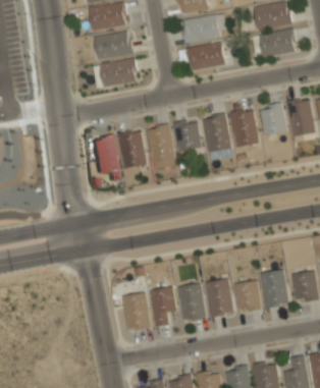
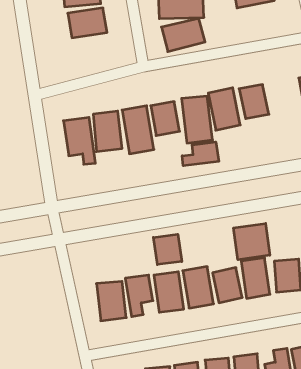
building: [257,30,294,55] -> none
building: [100,57,137,86] -> none
building: [287,100,313,135] -> none
building: none -> [182,142,219,166]
building: none -> [234,223,270,260]
building: none -> [153,234,182,265]

